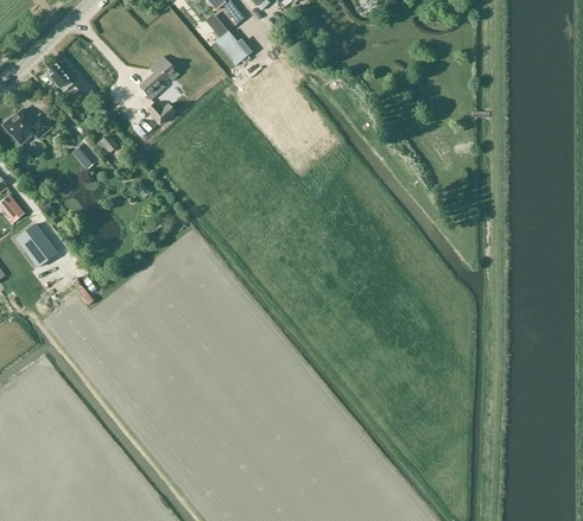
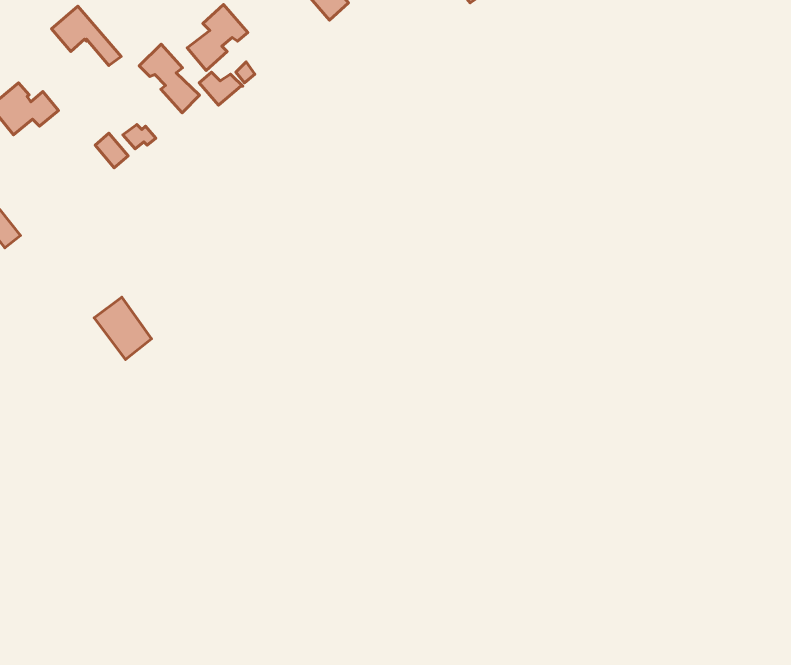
building: none -> [139,44,199,113]
building: [17,223,56,266] -> [94,297,151,360]

